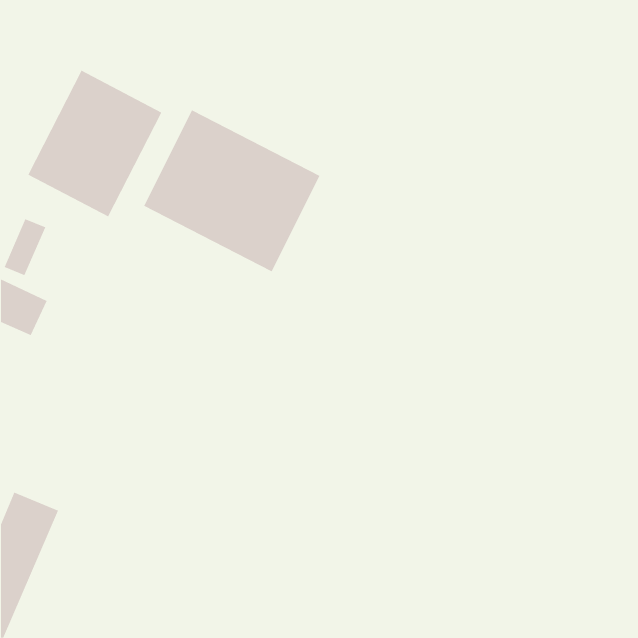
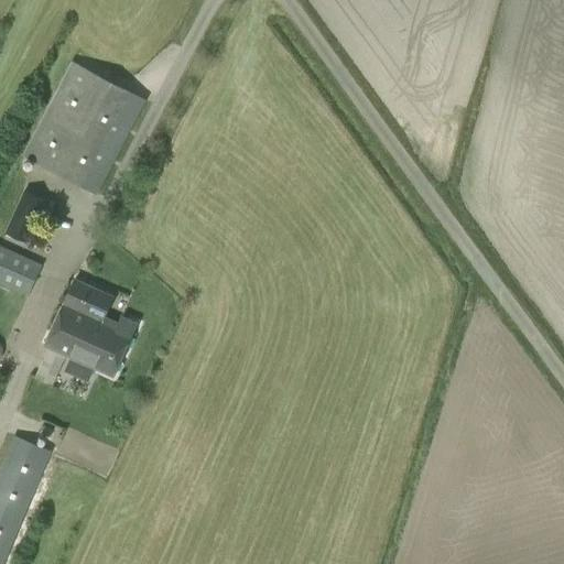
building: [143,110,320,272] -> none
building: none -> [45,283,135,383]

